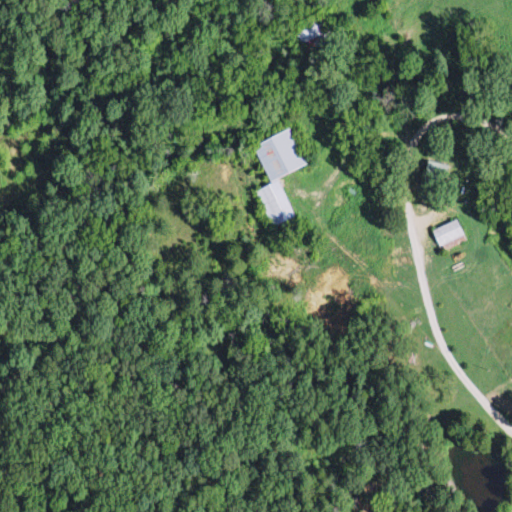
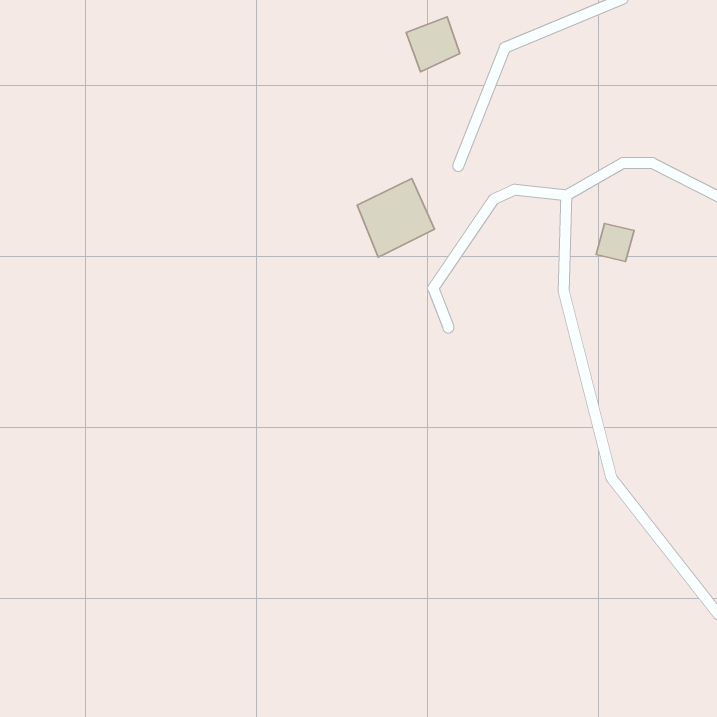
building: [250,180,293,227] -> none
building: [431,218,465,245] -> none

